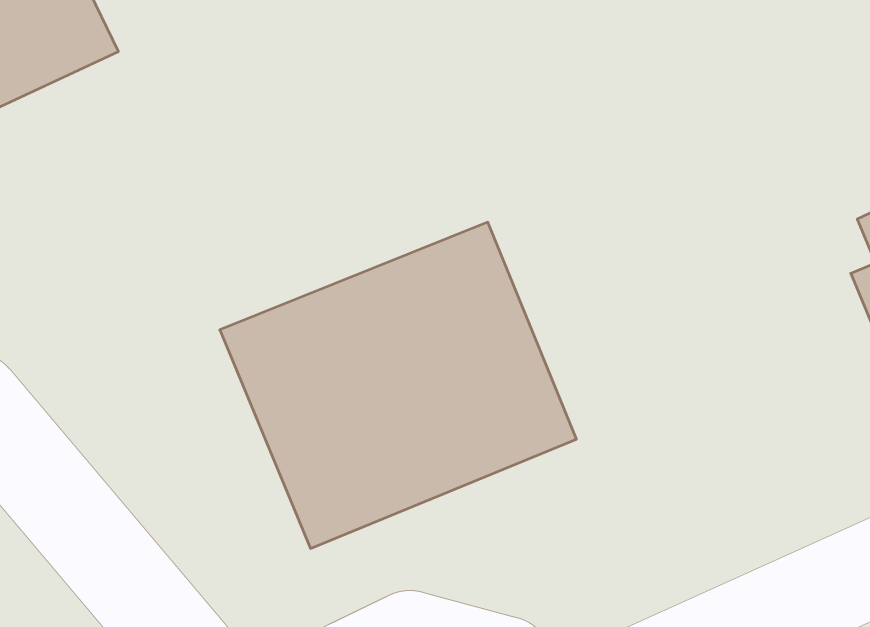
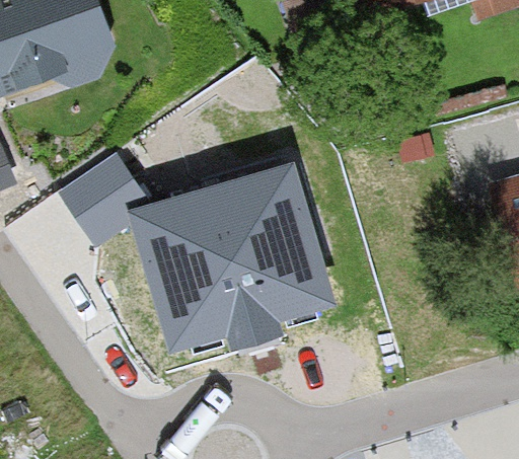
building: none -> [69,156,152,237]

